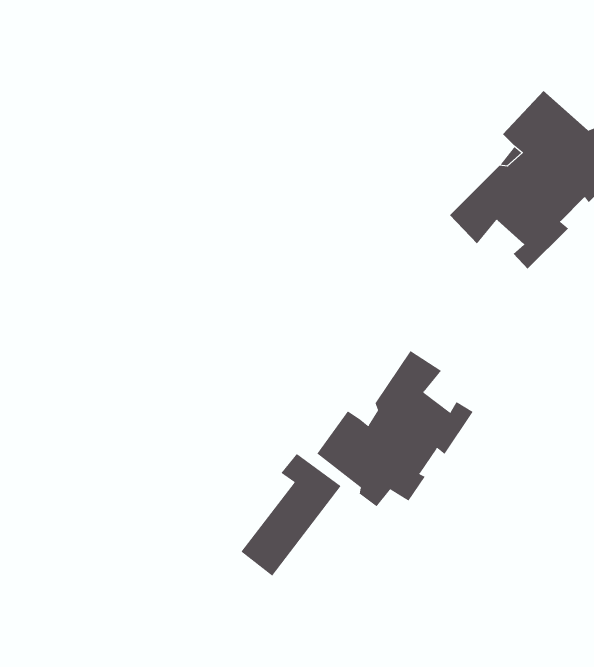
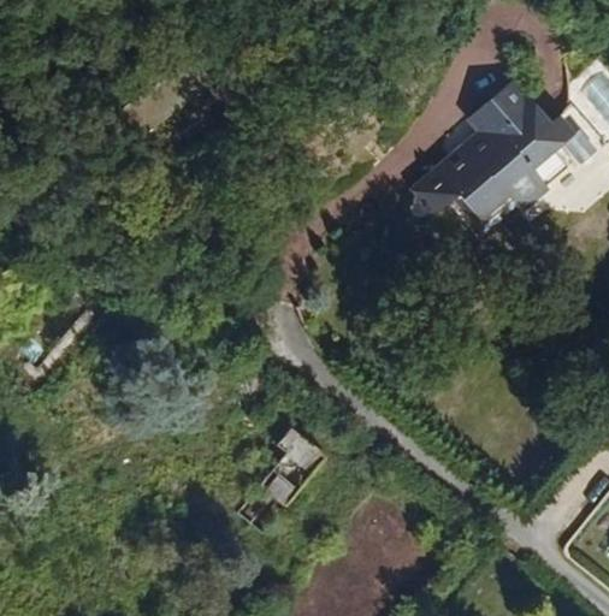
building: [316,350,474,507] -> none

